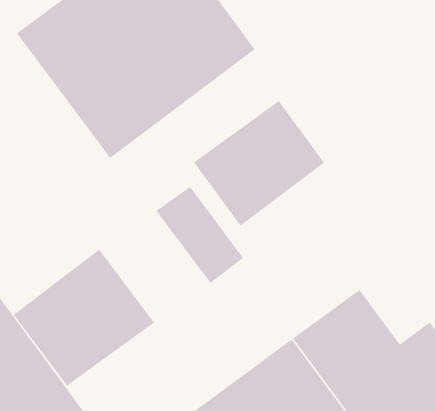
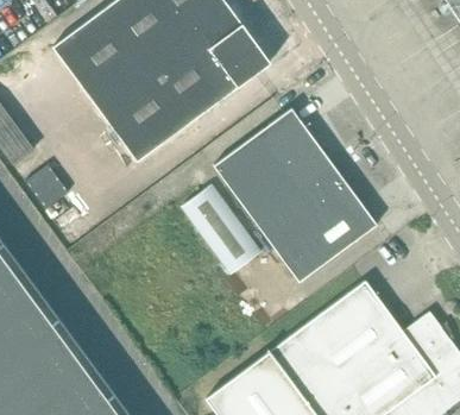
building: none -> [256,166,376,283]
building: [13,249,155,387] -> none

